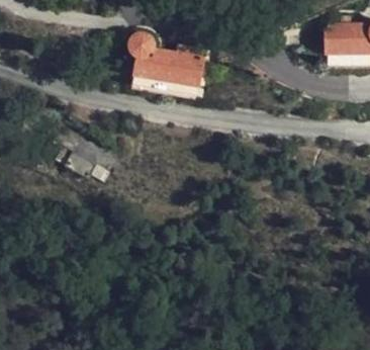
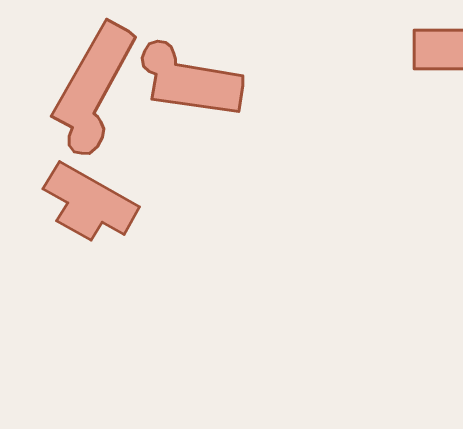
building: none -> [51,19,136,153]

